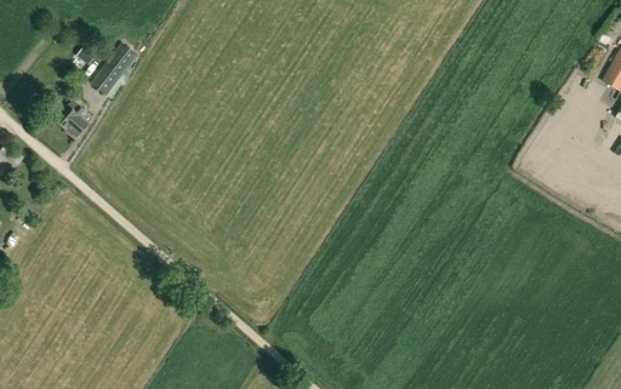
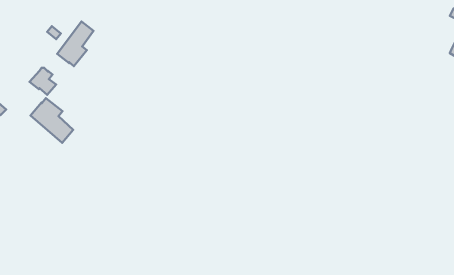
building: none -> [30,98,73,143]

